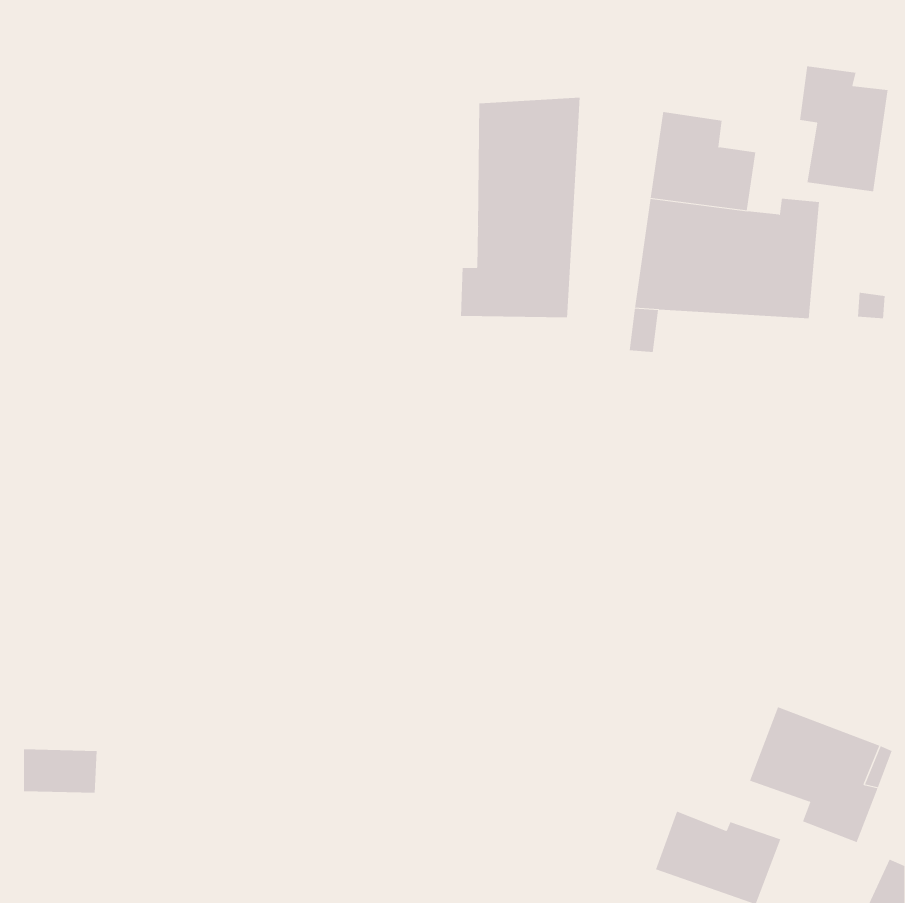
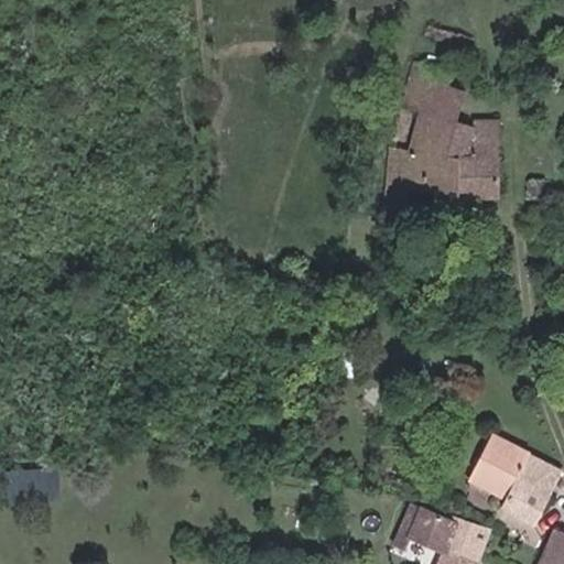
building: [799,65,888,192] -> none
building: [460,97,580,318] -> none

